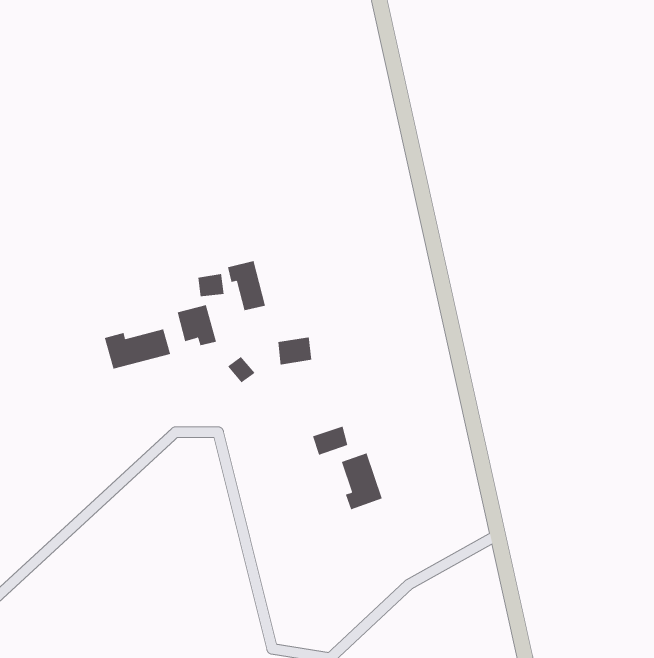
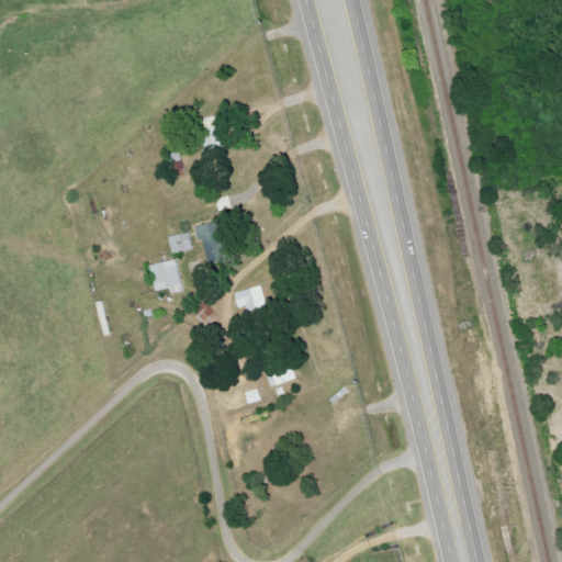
building: [104,329,171,369] -> none
building: [341,452,382,510] -> none

